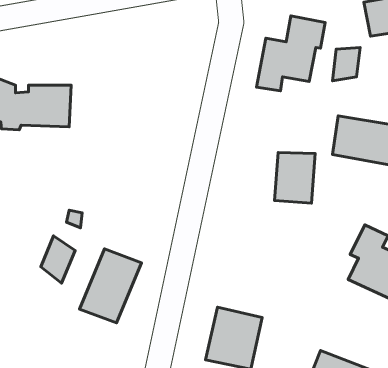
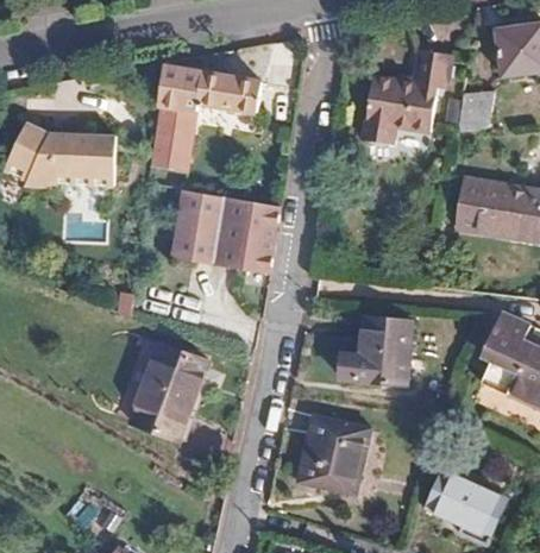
building: none -> [153,67,245,170]
building: none -> [175,188,277,270]
building: [274,152,315,203] -> [351,320,403,385]
building: [41,236,75,283] -> none

